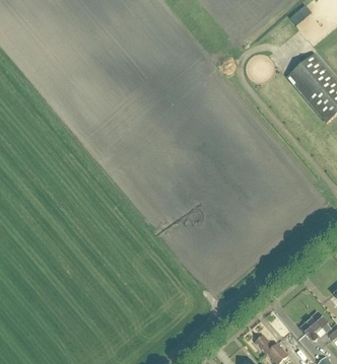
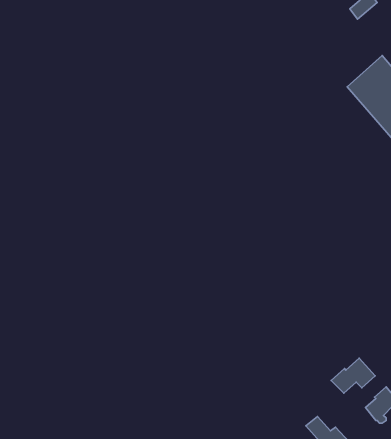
building: none -> [331,358,375,393]

